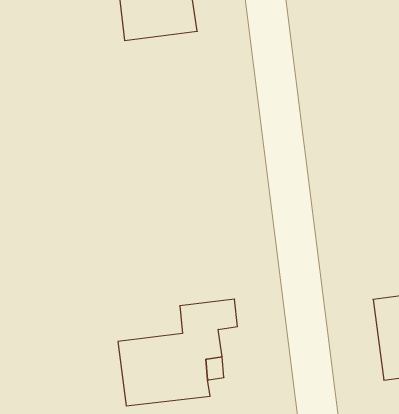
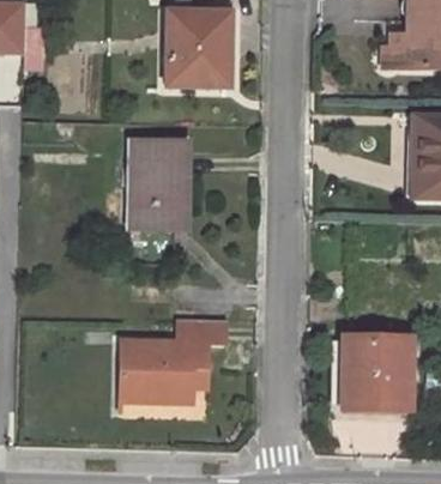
building: none -> [127,139,185,228]

